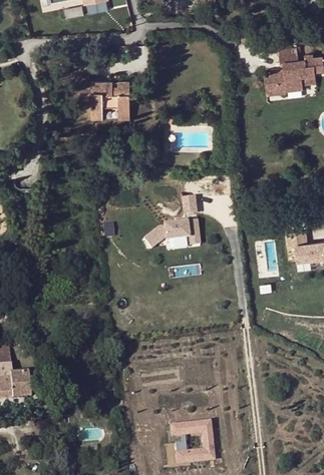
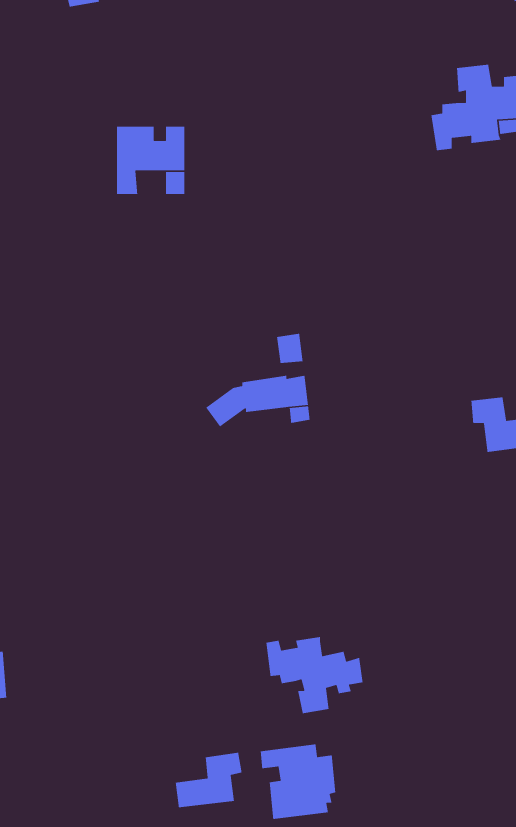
building: none -> [265,636,364,714]
building: none -> [175,752,243,808]

